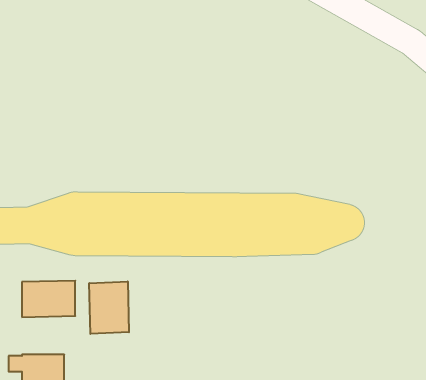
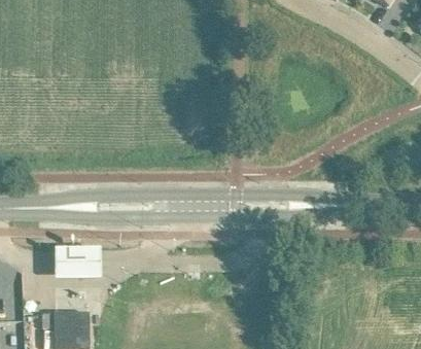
building: [89,281,129,334] -> none

